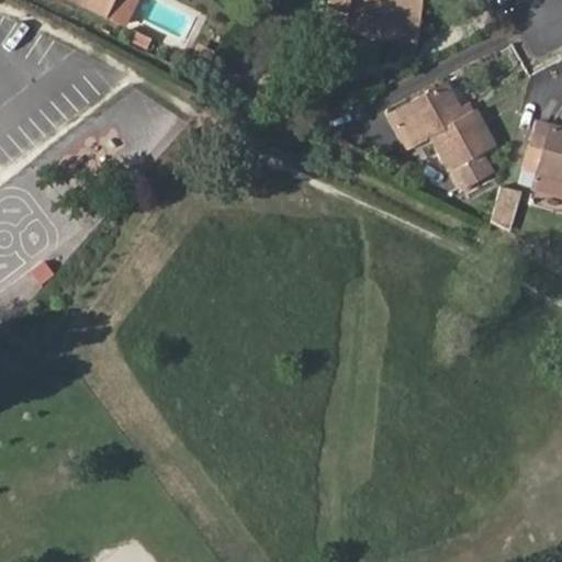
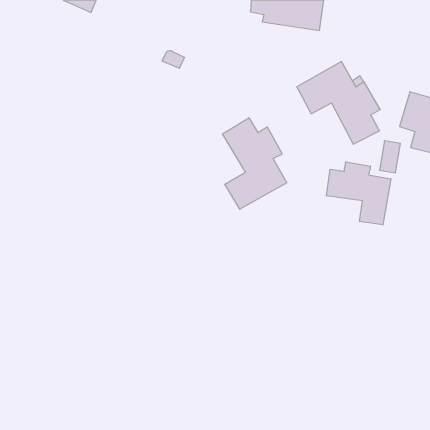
building: none -> [222,118,287,209]
building: none -> [327,162,391,225]

